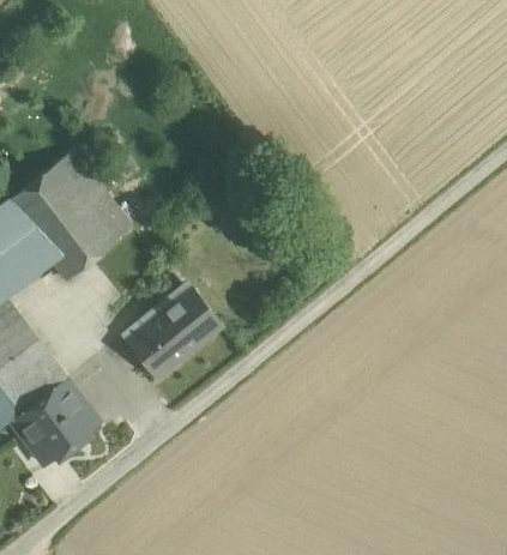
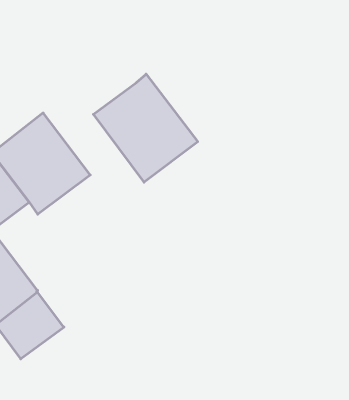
building: none -> [93,74,198,182]
building: [128,290,221,376] -> none

